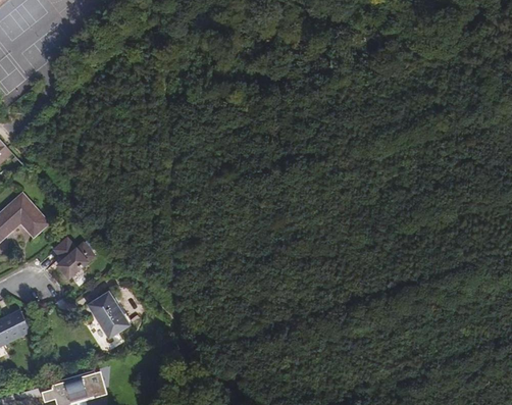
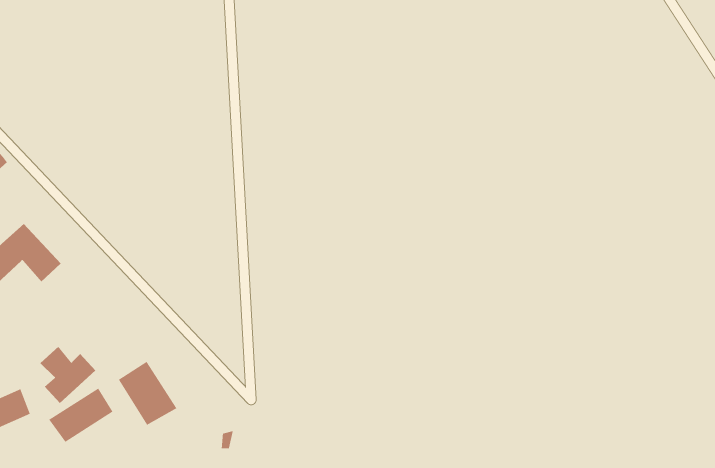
building: [54,238,94,279] -> [40,346,96,404]
building: none -> [48,388,113,443]

